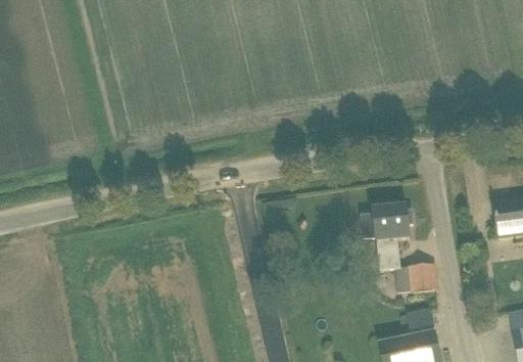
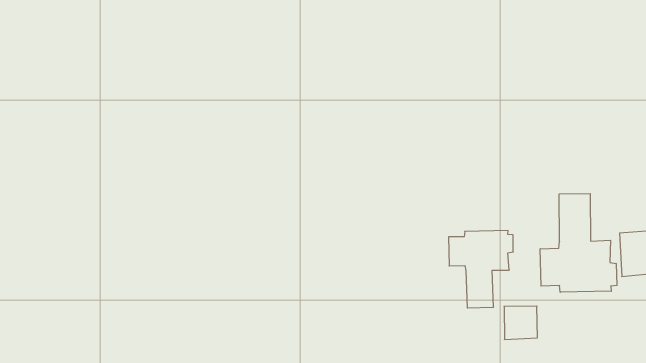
building: none -> [540,194,617,292]

